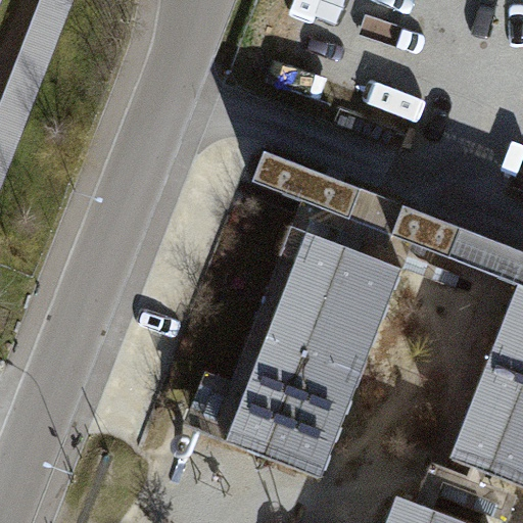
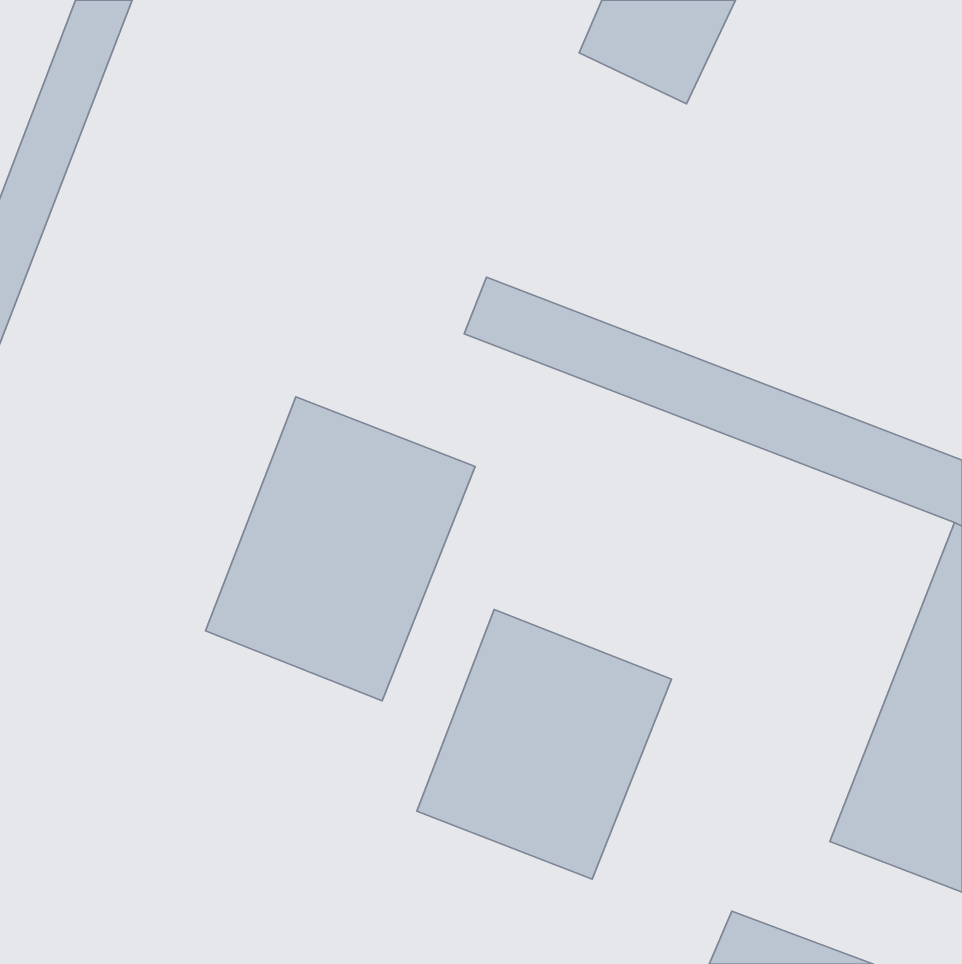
building: none -> [205,397,475,701]
building: [268,231,402,368] -> none

